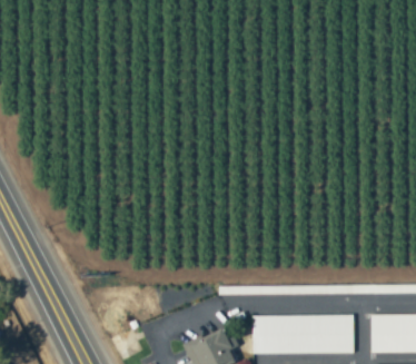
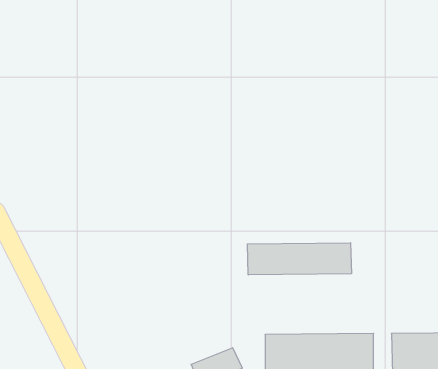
building: none -> [247,243,351,275]

